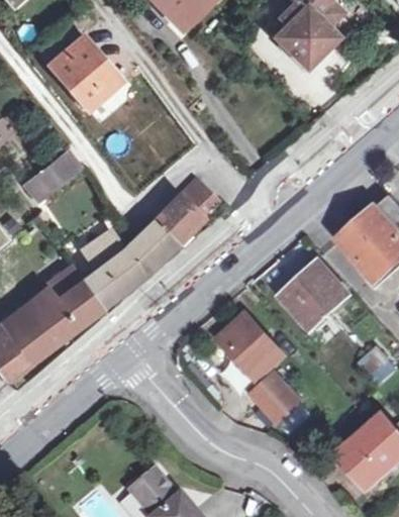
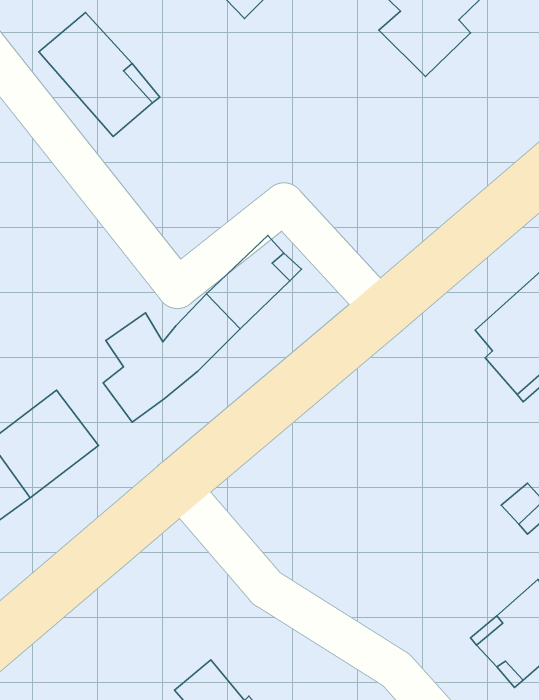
building: [25,152,77,200] -> none
building: [279,264,347,331] -> none
building: [48,266,102,323] -> none
building: [220,315,283,383] -> none
building: [248,374,300,425] -> none

